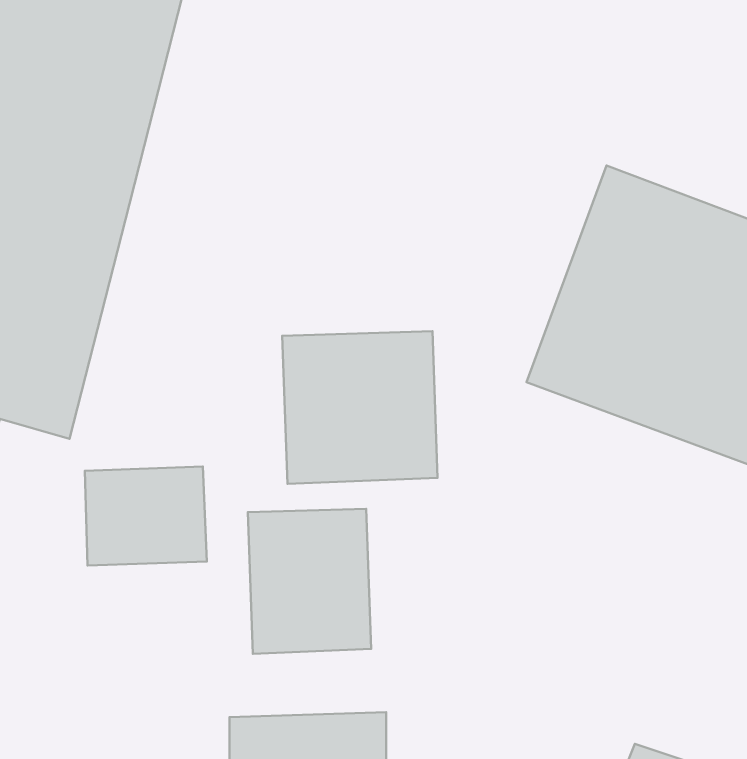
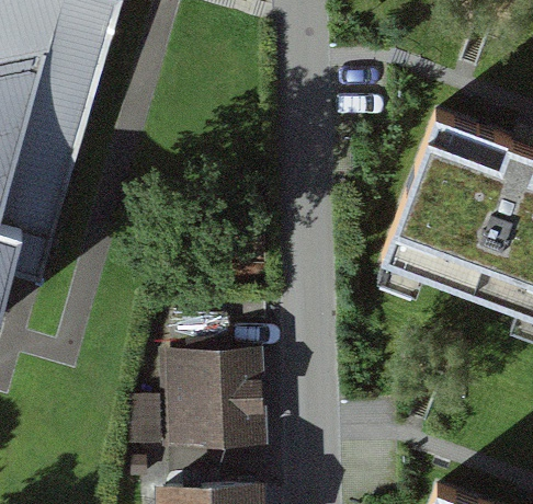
building: [282,331,438,484] -> none
building: [85,467,207,566] -> none

